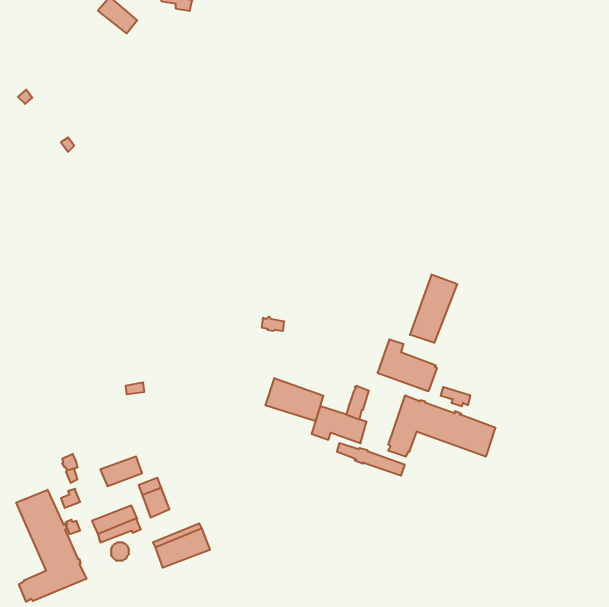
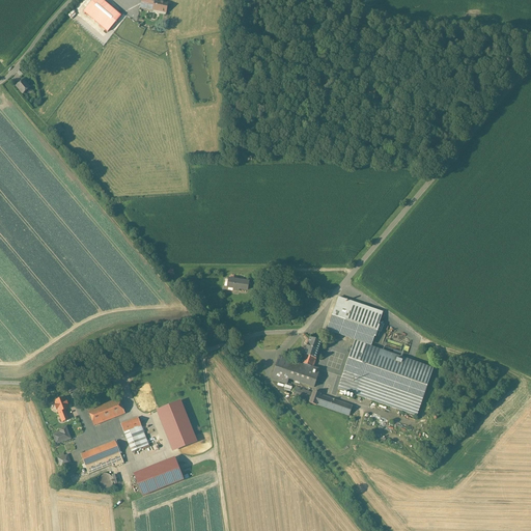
building: [410,274,457,343] -> none
building: [265,378,323,421] -> none
building: none -> [356,374,422,414]
building: none -> [156,398,195,449]
building: [16,490,86,602] -> none

